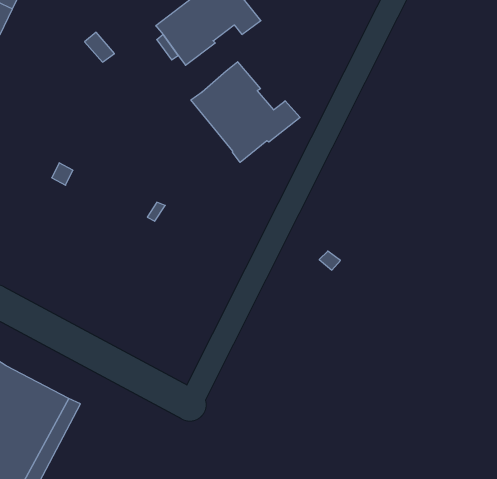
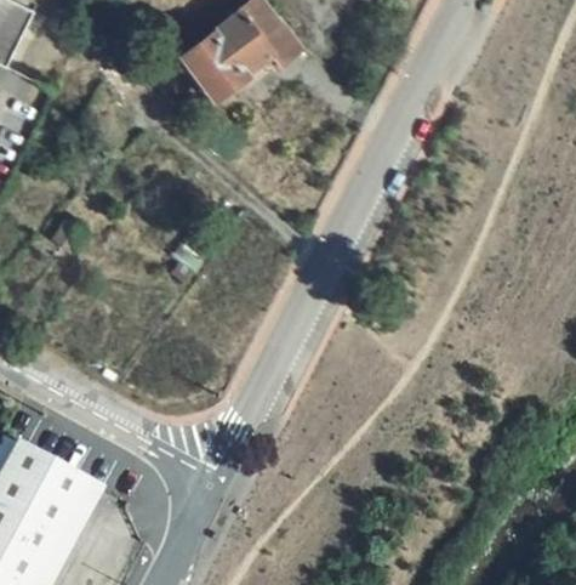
building: [191,62,300,162] -> none

